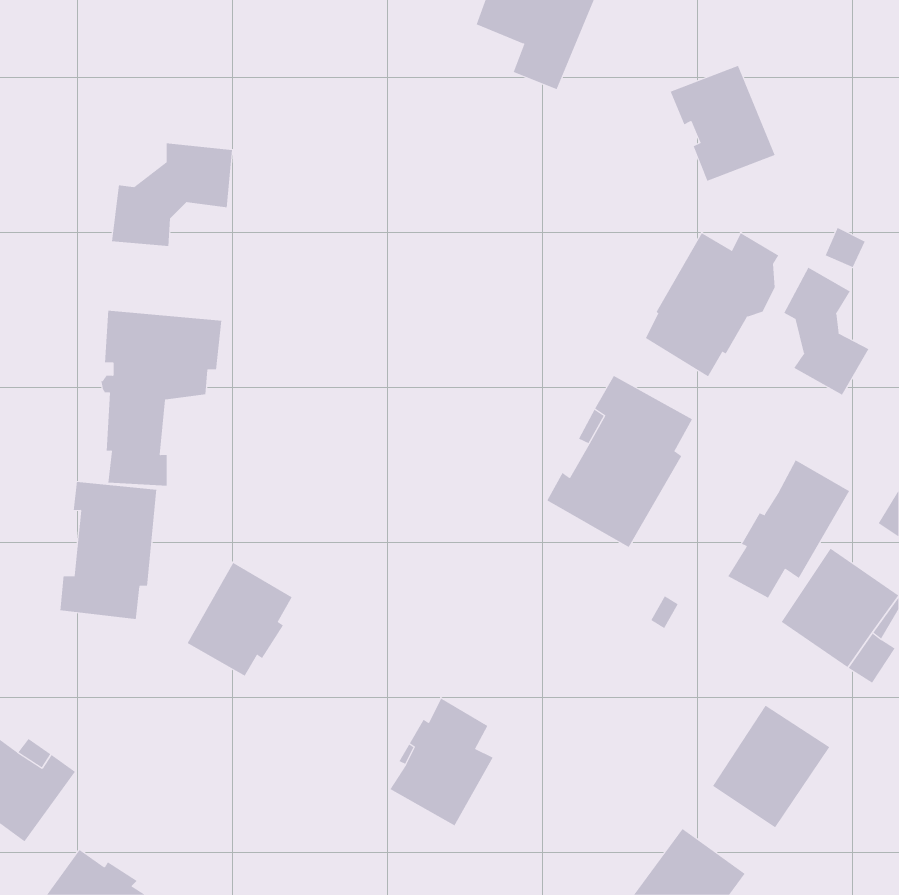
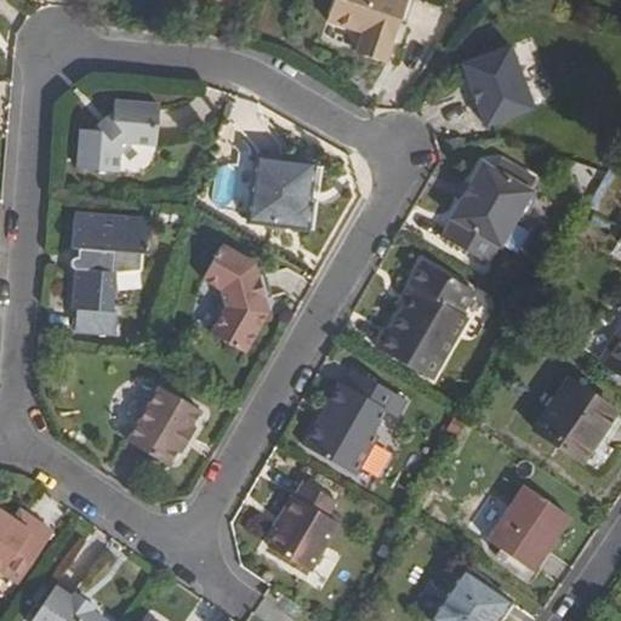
building: none -> [246,154,315,230]
building: [783,267,869,396] -> none
building: none -> [203,245,268,353]
building: [727,460,850,598] -> none
building: [60,481,157,620] -> none
building: none -> [303,369,408,474]

